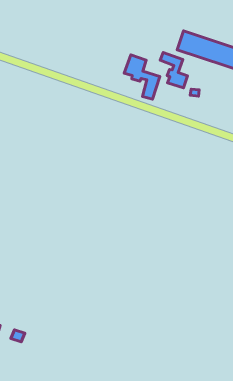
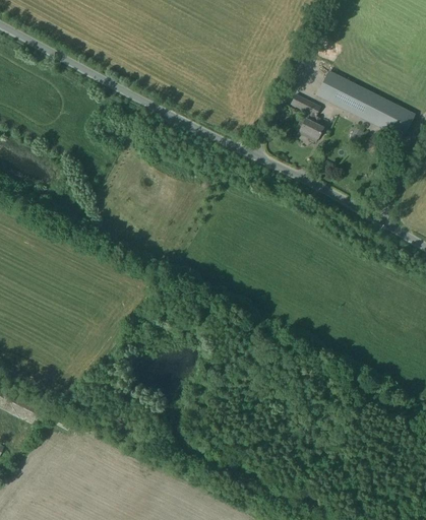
building: [124,55,160,99] -> none

